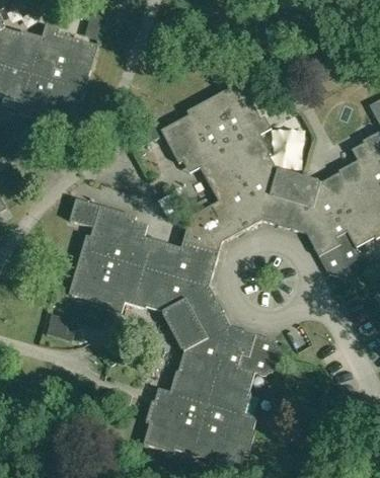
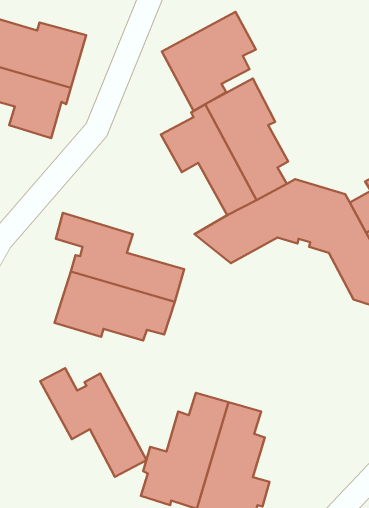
building: none -> [162,12,256,111]
building: [161,217,287,376] -> none
building: none -> [40,368,146,477]

